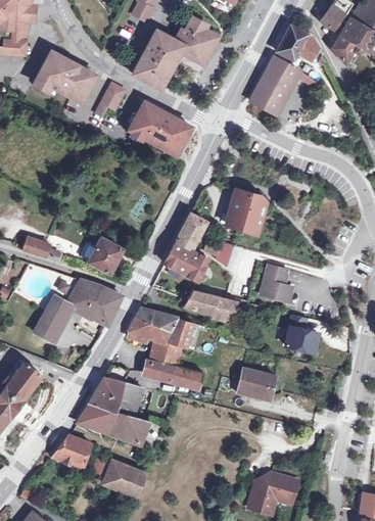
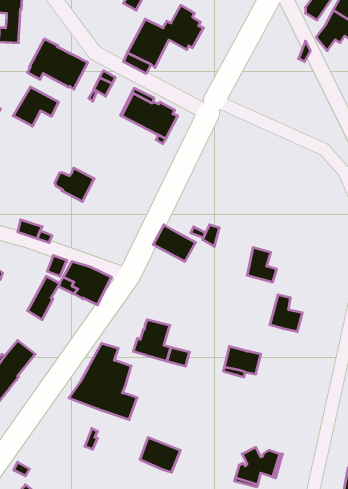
building: [276,25,318,60] -> none
building: [249,58,299,113] -> none
building: none -> [13,87,58,126]
building: [226,188,265,234] -> none
building: [175,215,204,250] -> none
building: [81,237,122,272] -> [55,168,94,202]
building: [183,290,236,318] -> none
building: [127,307,193,347] -> none
building: [51,433,90,467] -> none
building: [103,460,145,495] -> [140,438,180,472]

